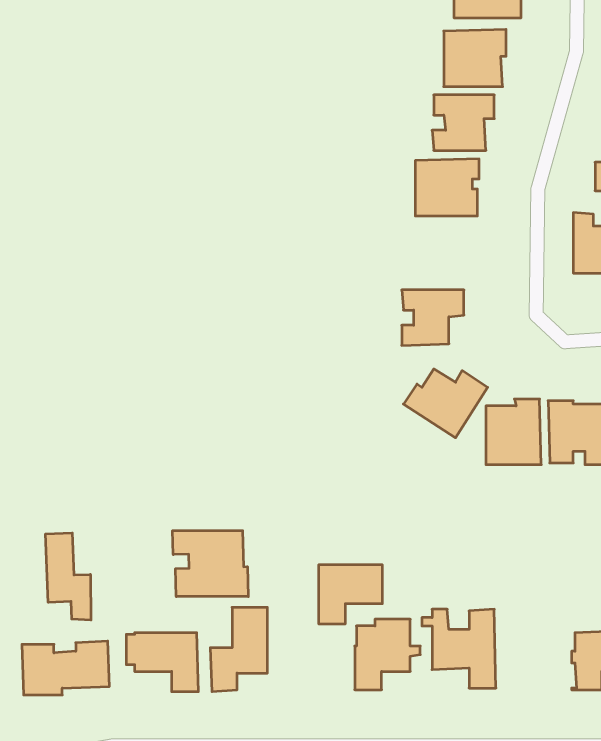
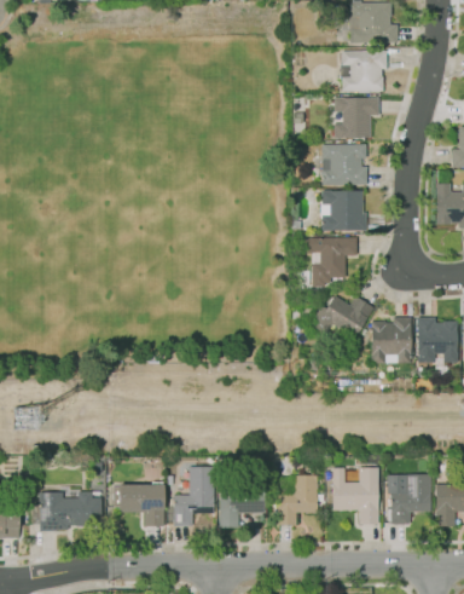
building: none -> [321,191,366,229]
building: [173,531,248,597] -> none
building: [46,533,91,620] -> none
building: [319,565,382,624] -> [220,485,266,527]
building: none -> [388,473,431,524]

